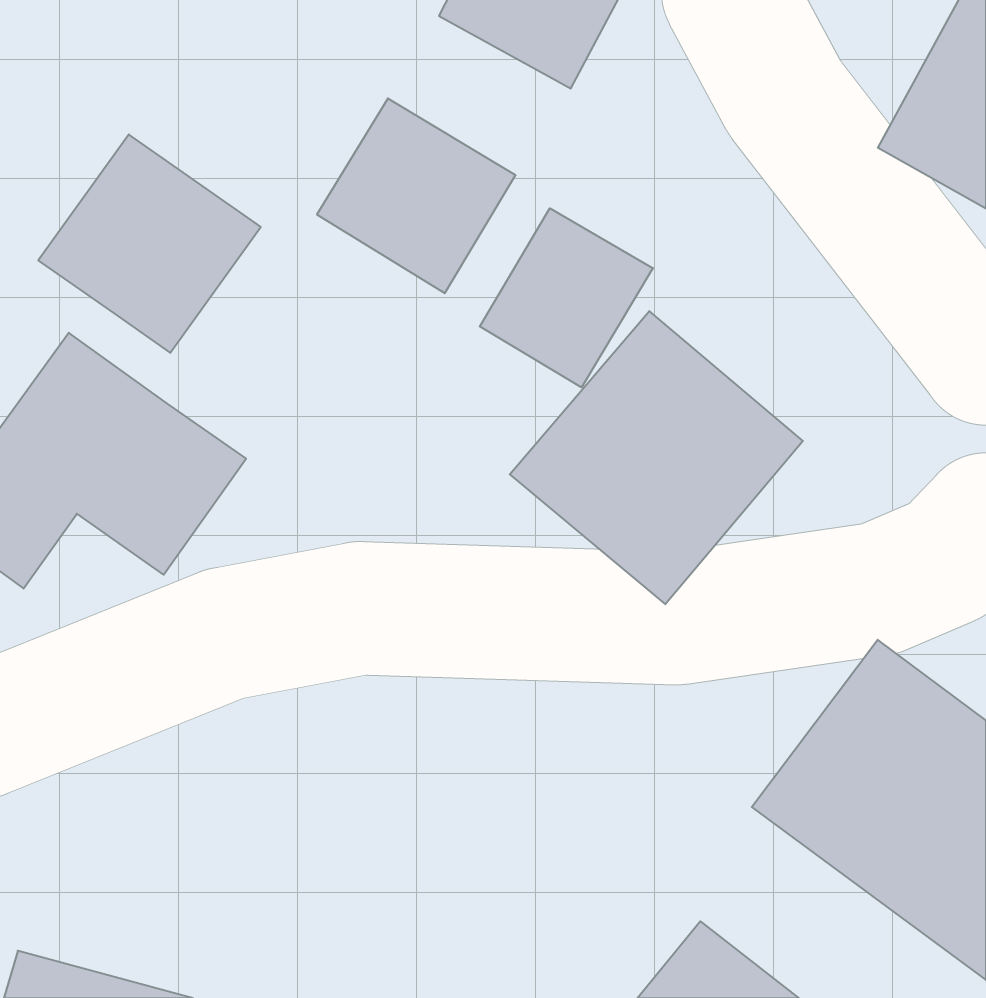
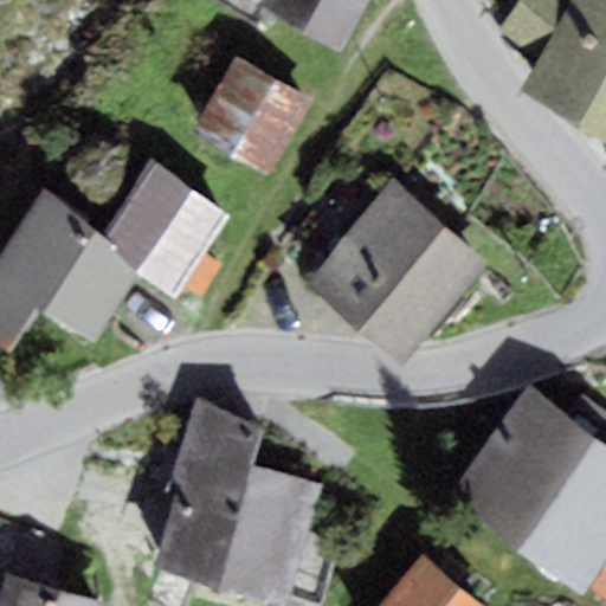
building: [38,134,261,353] -> [101,167,234,298]
building: [480,208,653,387] -> none
building: none -> [159,402,320,594]

